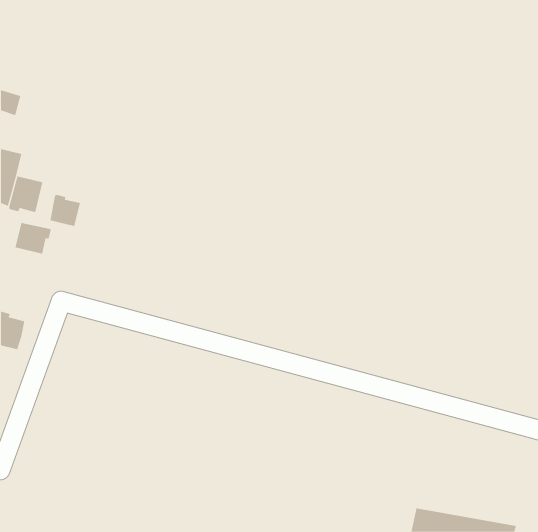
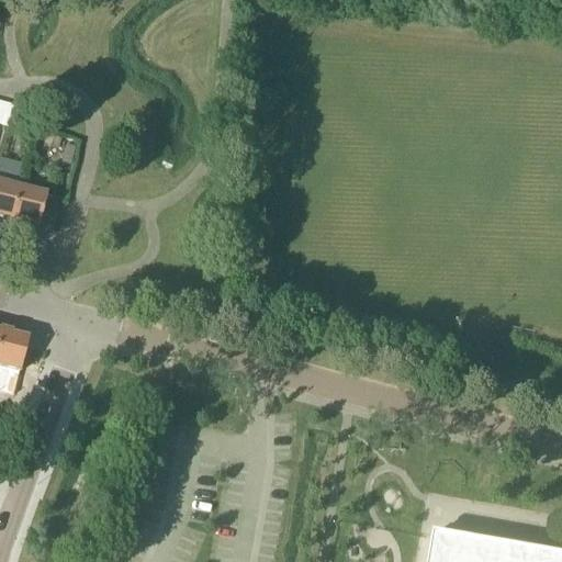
building: [50,194,80,227] -> none
building: [15,222,51,254] -> none

